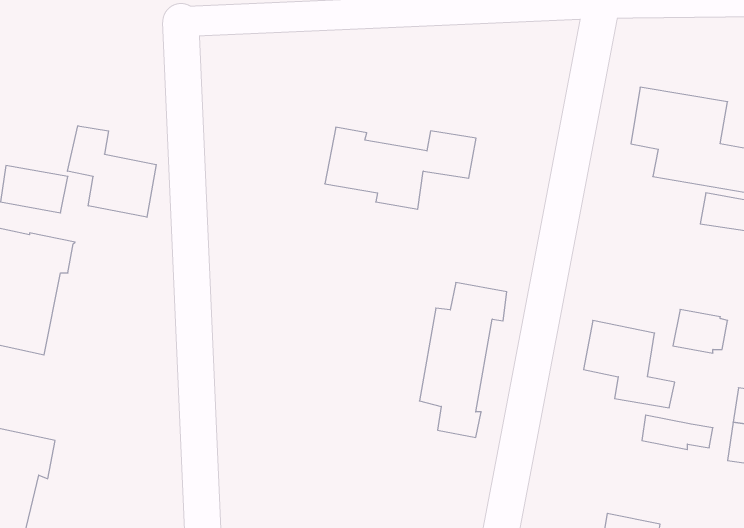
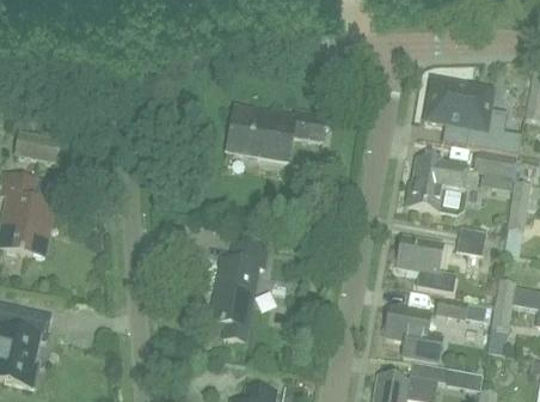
building: [67,126,156,217] -> none
building: none -> [405,157,470,205]
building: [419,283,507,437] -> [209,242,266,343]
building: none -> [385,305,443,363]

